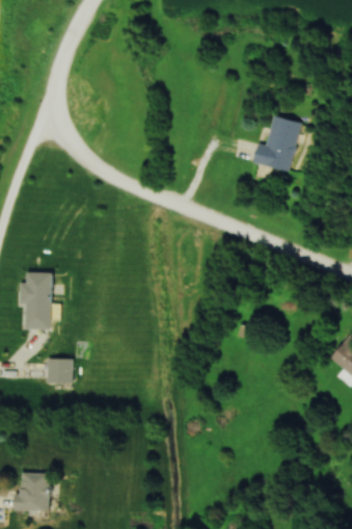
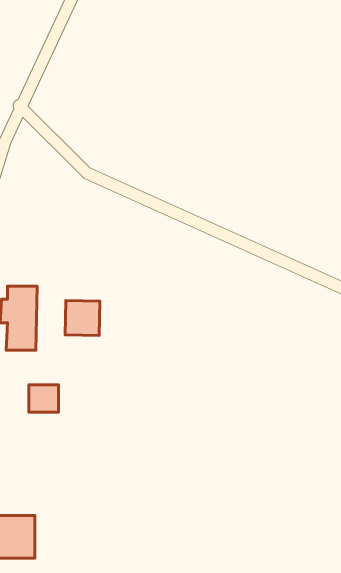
building: [252,114,299,171] -> none
building: none -> [65,300,100,335]

